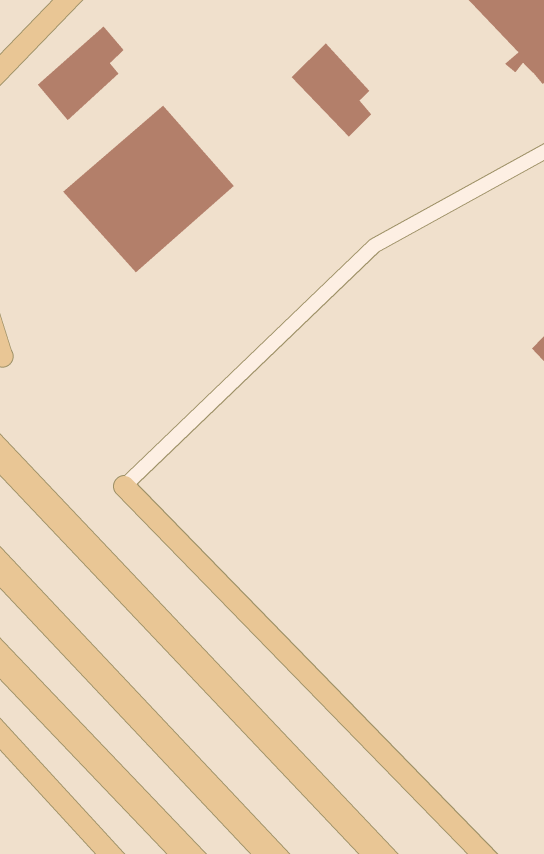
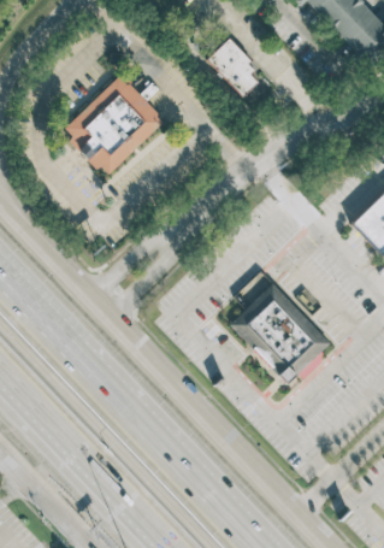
building: [37,26,124,121] -> none
building: none -> [230,283,332,387]

